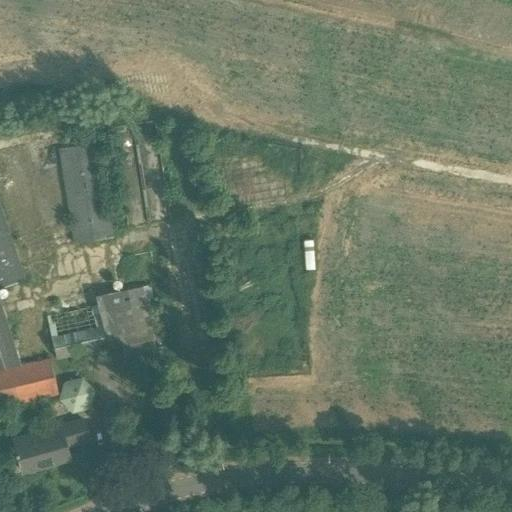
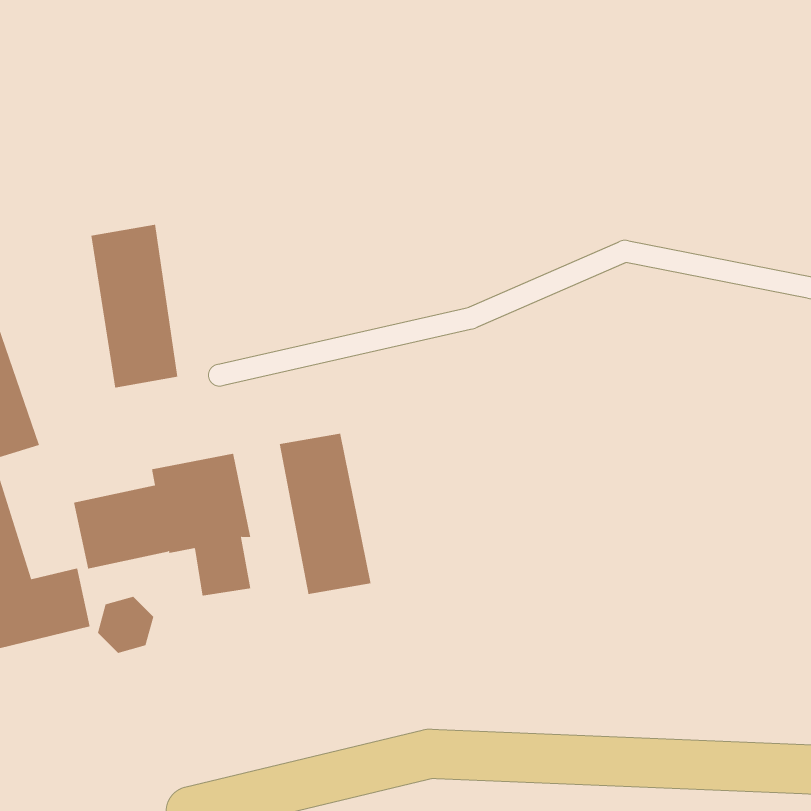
building: none -> [279,433,371,595]
building: [12,418,88,471] -> none

